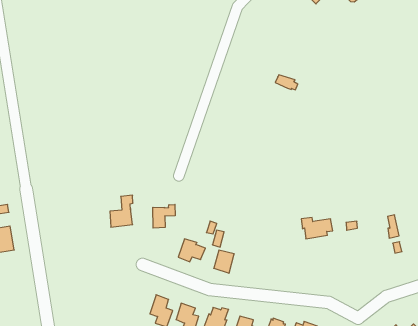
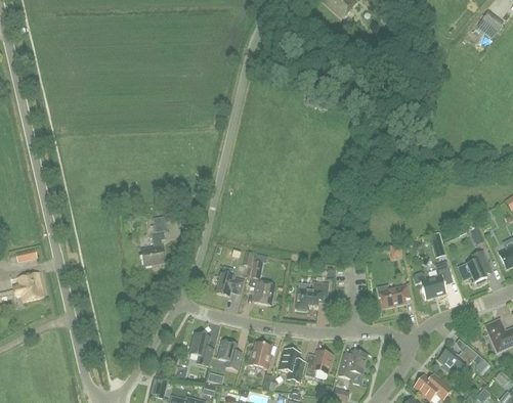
building: [153,204,175,228] -> none
building: [301,218,333,239] -> [377,283,411,306]
building: none -> [413,270,446,297]
building: none -> [296,280,329,307]

